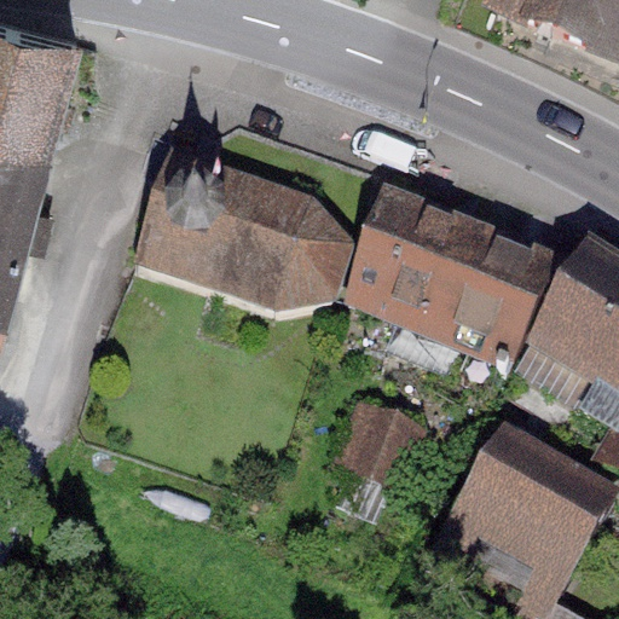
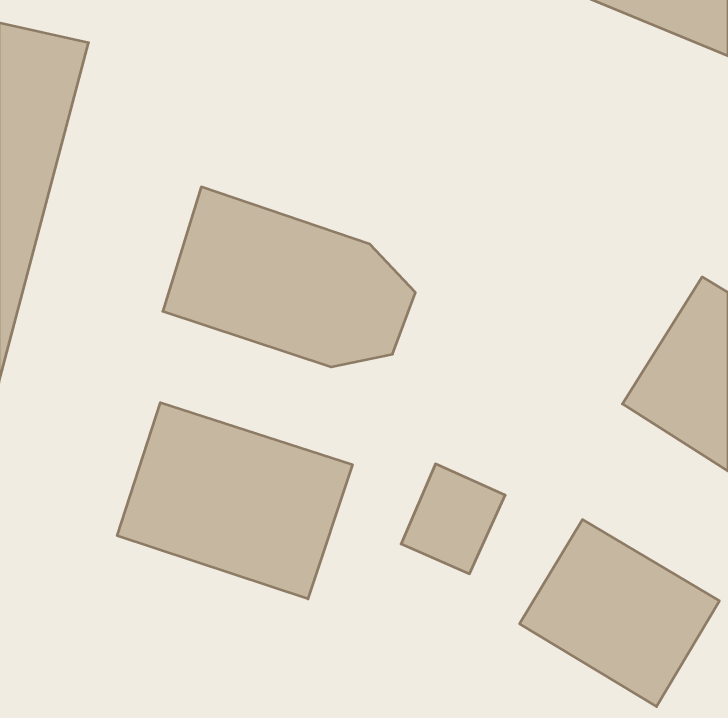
building: [341,186,550,361] -> none
building: none -> [117,403,352,599]

